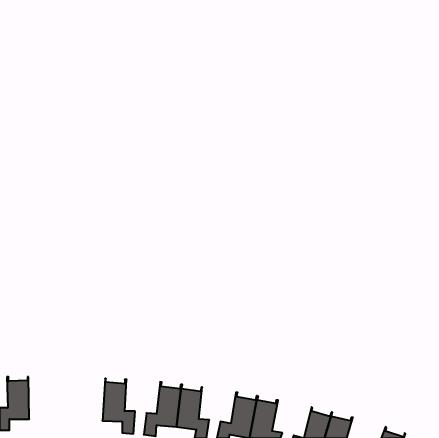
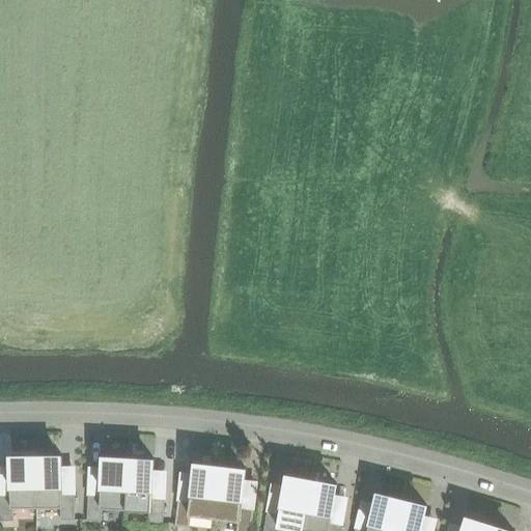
building: none -> [34,453,73,519]
building: none -> [85,454,127,520]

